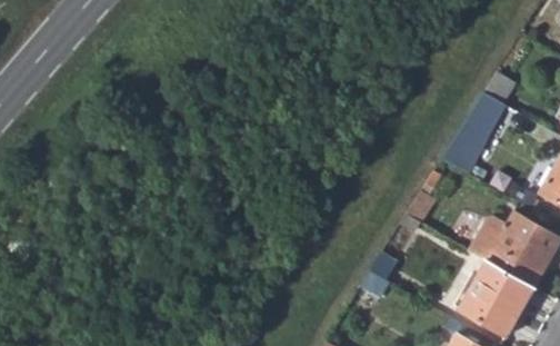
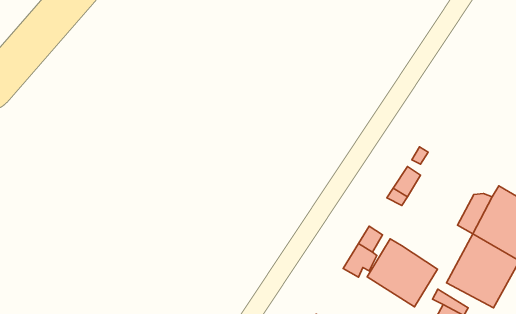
building: [441,90,506,174] -> none
building: none -> [367,239,438,307]

